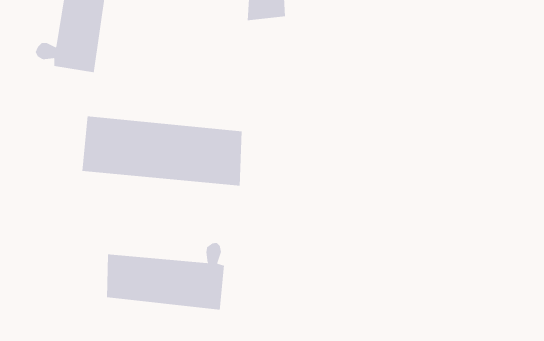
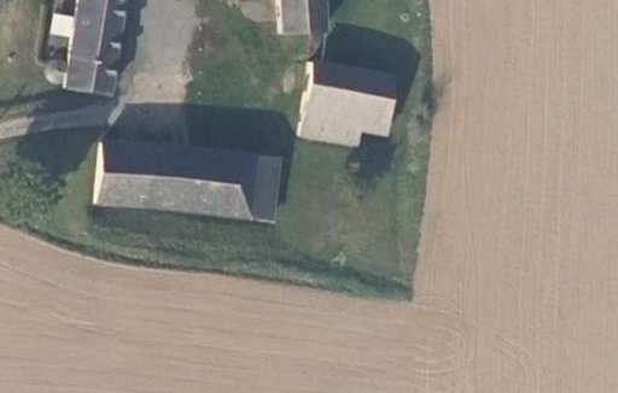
building: none -> [302,60,396,141]
building: [107,242,224,311] -> none

